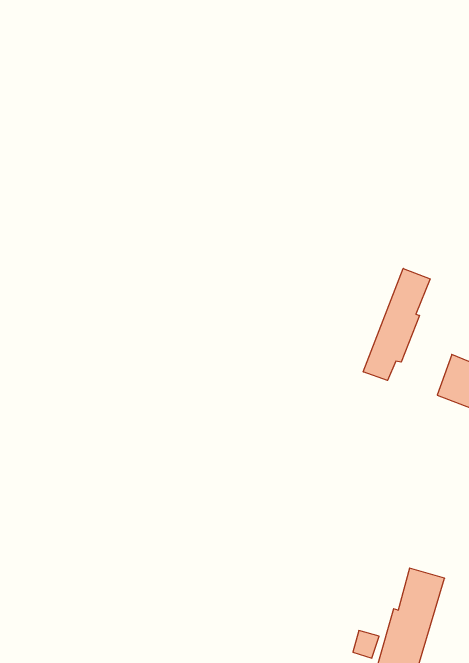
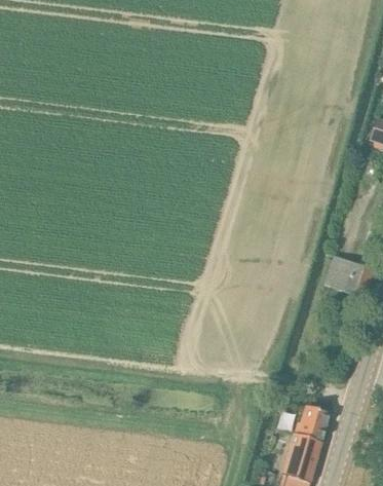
building: [363,268,430,380] -> none

